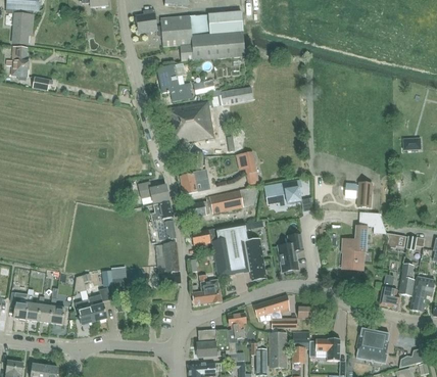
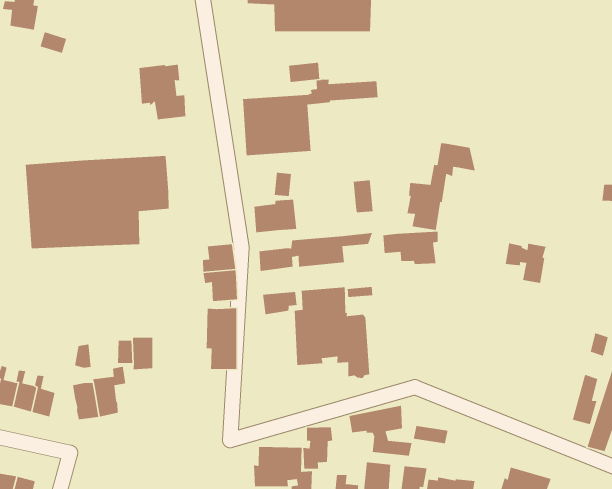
building: [157,63,191,101] -> [139,64,186,120]
building: none -> [25,155,170,249]
building: [139,183,168,203] -> none
building: [342,211,384,269] -> [406,143,476,231]
building: [278,233,303,273] -> none
building: [191,274,221,303] -> none
building: [380,274,400,309] -> none

